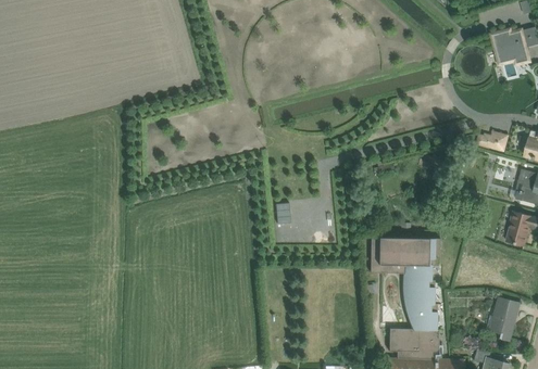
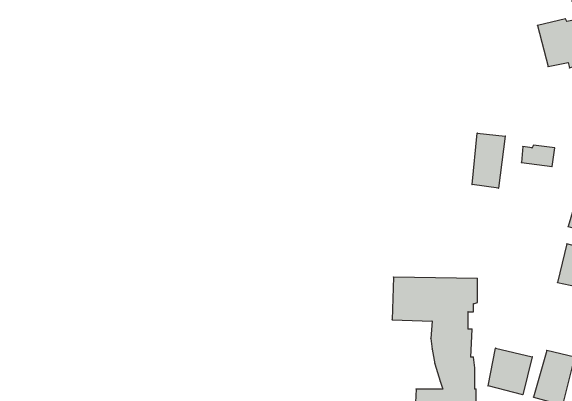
building: none -> [472,133,505,188]
building: none -> [488,348,532,395]

